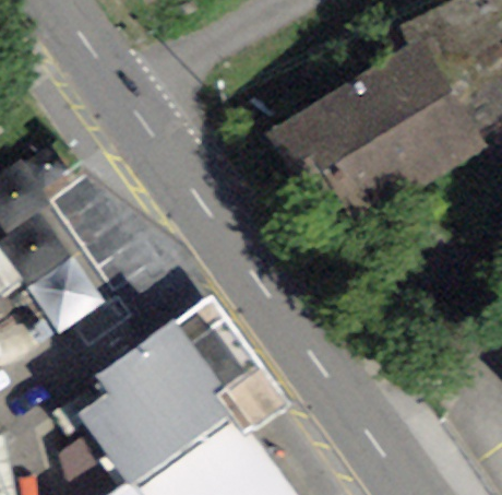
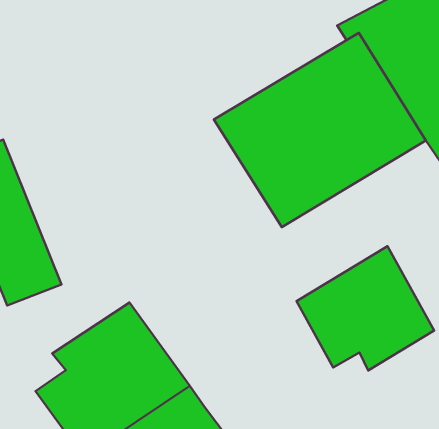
building: none -> [296,246,434,370]
building: [171,299,286,434] -> none

